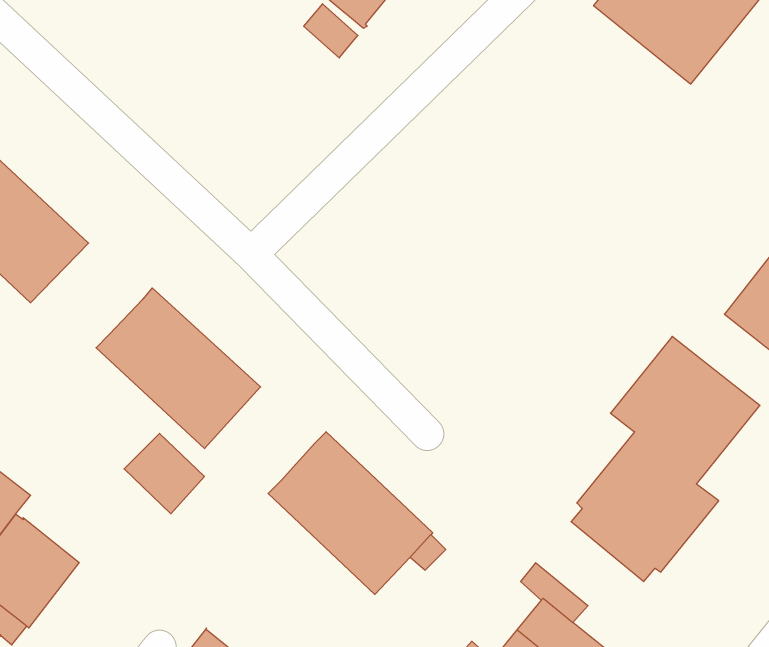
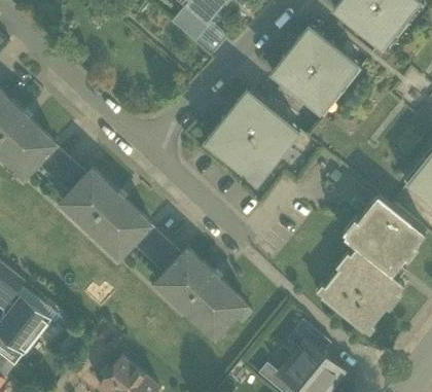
building: none -> [273,29,365,119]
building: none -> [206,91,302,186]
building: none -> [42,149,86,193]
building: [124,433,204,514] -> [137,229,181,274]

